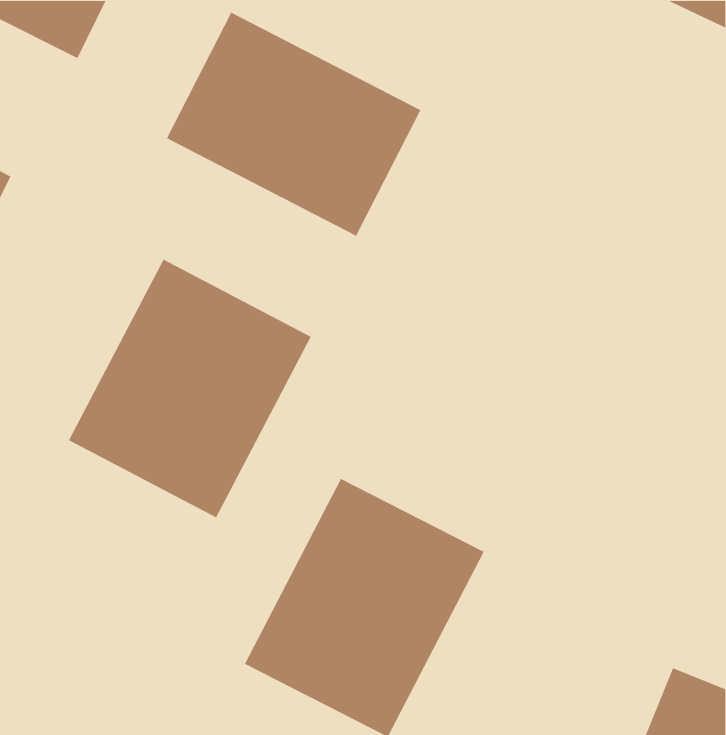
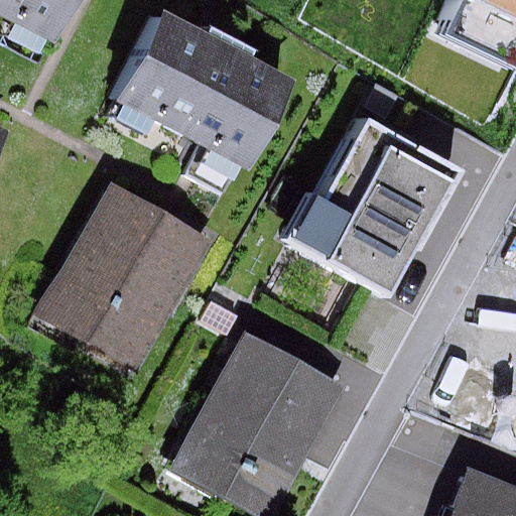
building: none -> [267,109,462,305]

